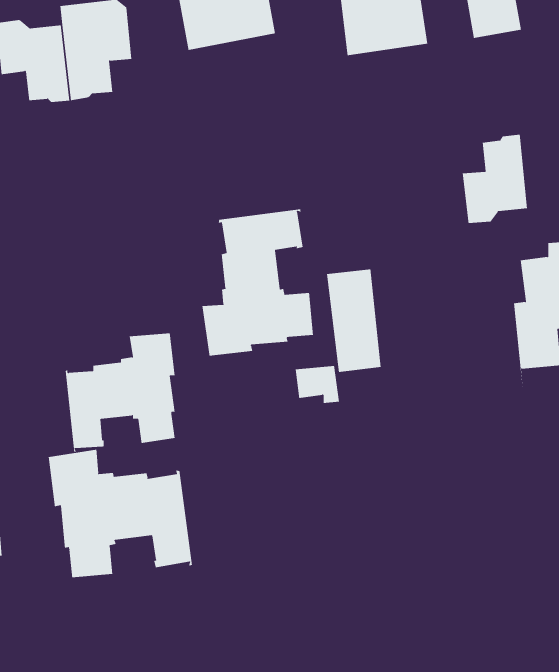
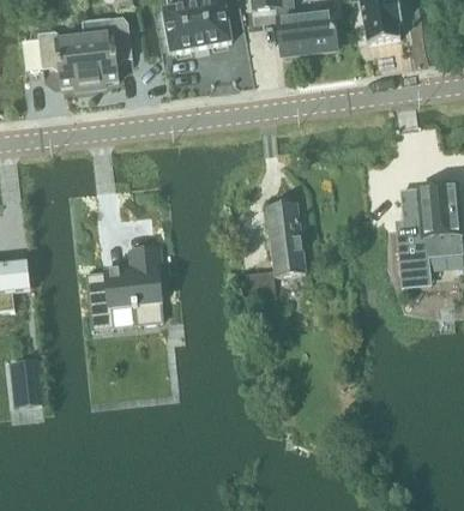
building: [462,134,528,224] -> none
building: [202,208,313,357] -> none
building: [48,449,193,578] -> none

